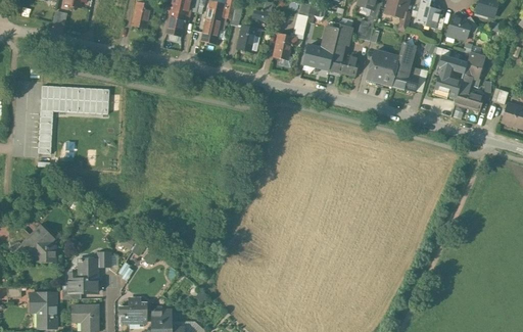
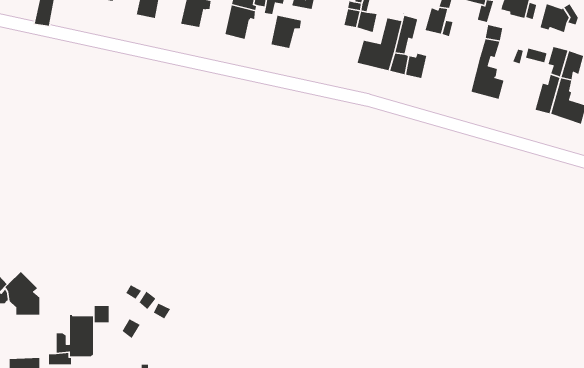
building: [273,34,297,60] -> none
building: [367,51,399,86] -> none
building: [40,85,110,153] -> none

